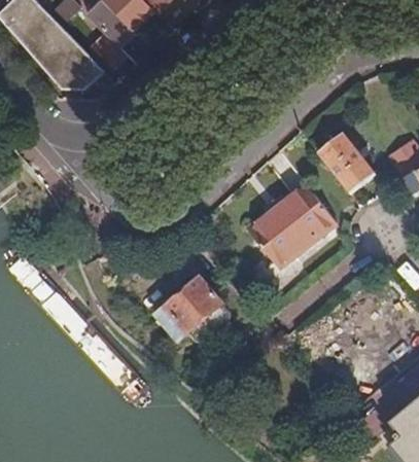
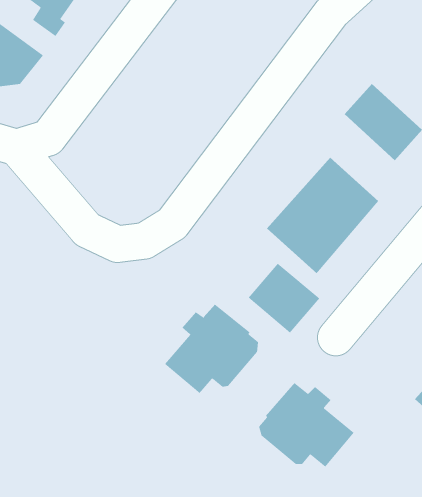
building: none -> [248,263,320,333]
building: none -> [258,382,355,467]

